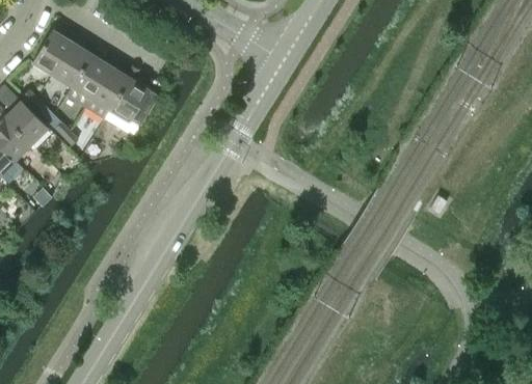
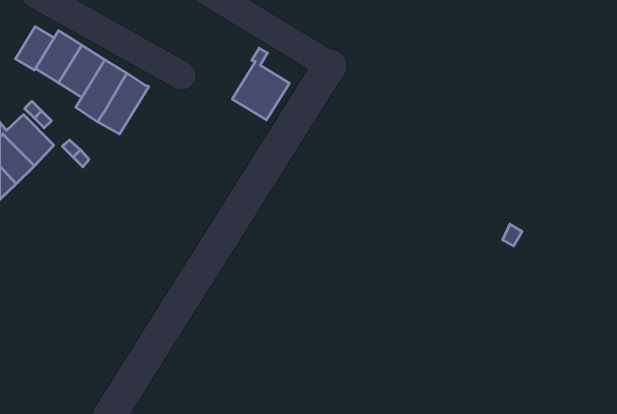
building: none -> [15,27,54,70]
building: [109,65,158,127] -> [232,48,289,120]

